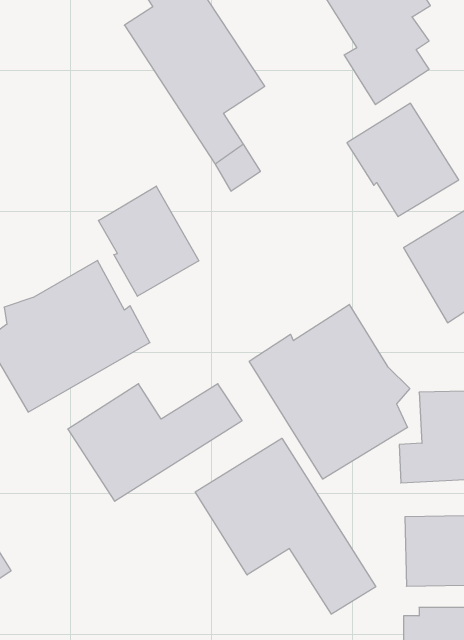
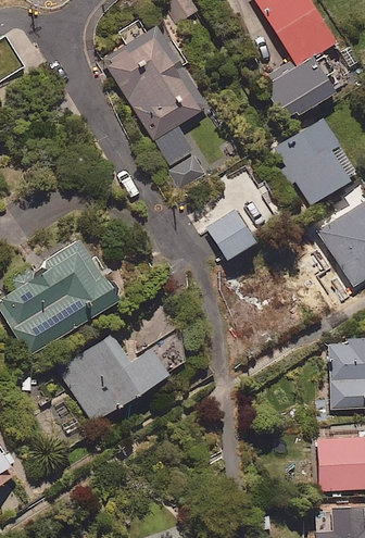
building: [98,186,199,296] -> none
building: none -> [207,210,256,262]
building: [249,304,410,479] -> none
building: [195,438,376,614] -> none

